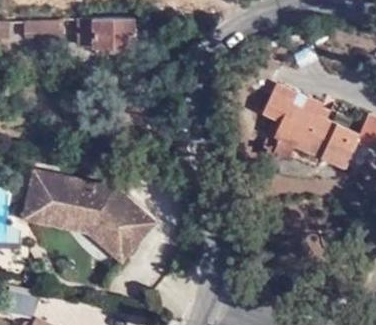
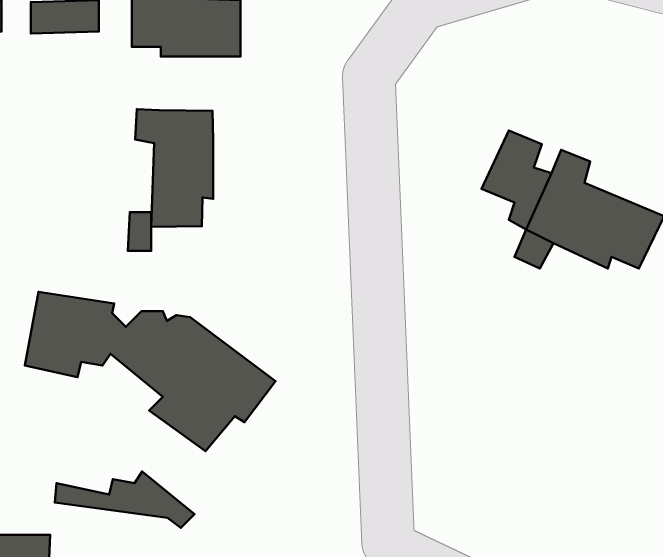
building: none -> [135,109,213,227]
building: [23,203,95,232] -> [55,471,195,528]

